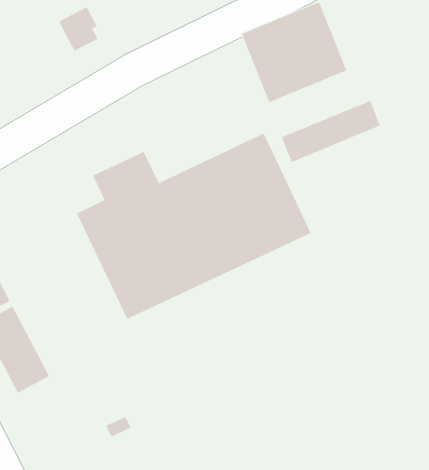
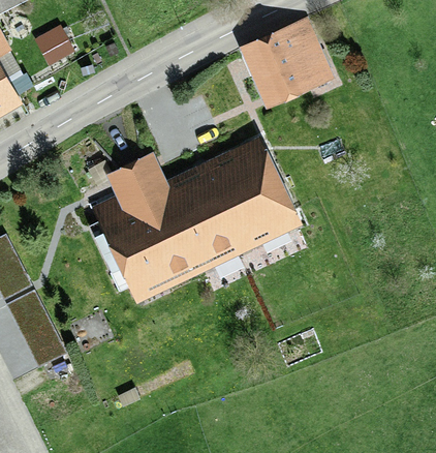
building: [58,7,98,51] -> [34,26,70,66]
building: [281,100,381,163] -> none

